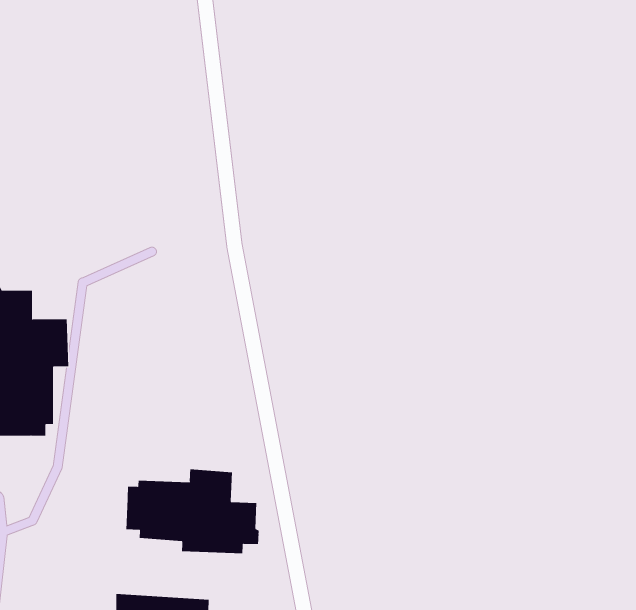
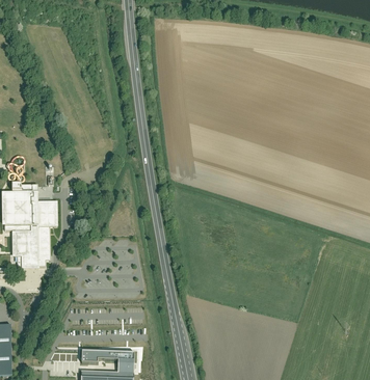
building: [126,469,259,554] -> none

